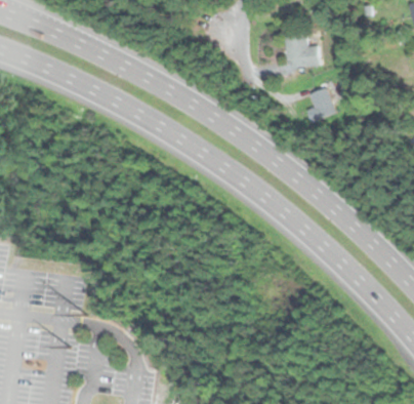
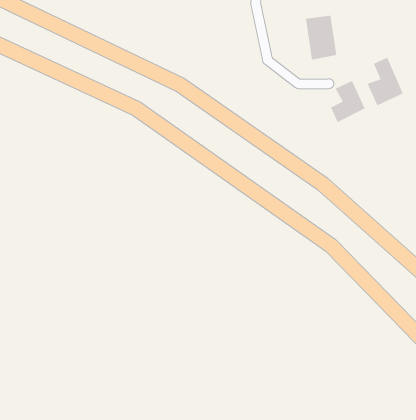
building: none -> [367,57,404,106]

